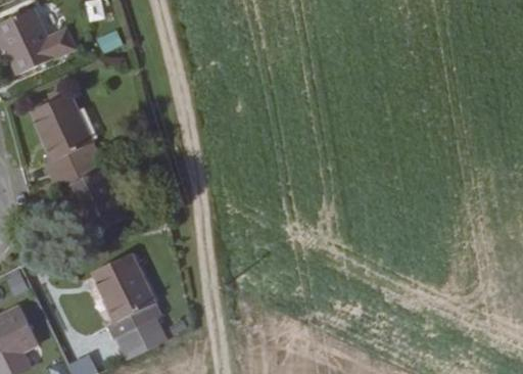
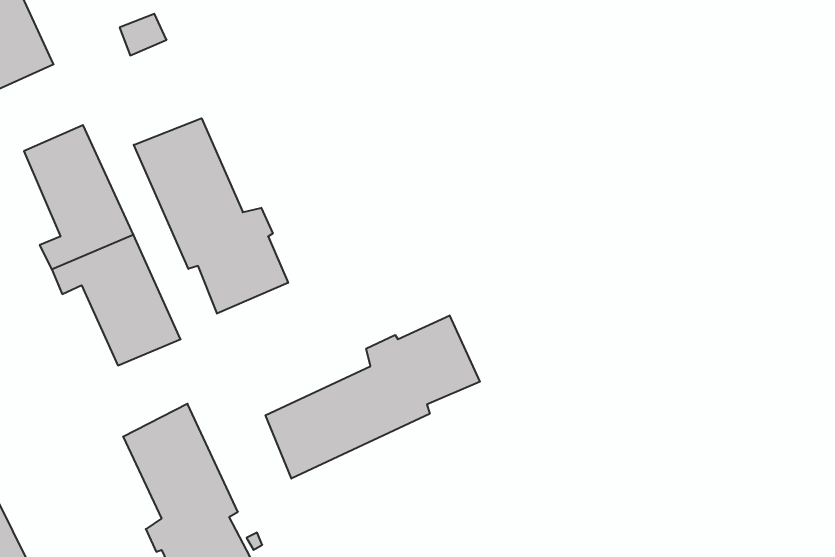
building: none -> [134,118,288,314]
building: none -> [266,315,480,479]

